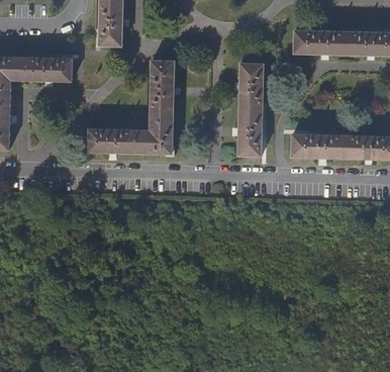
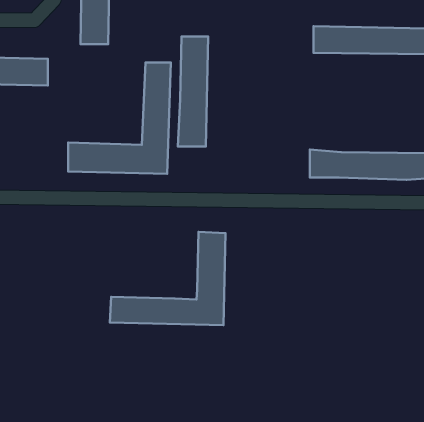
building: [237,63,263,155] -> [178,36,208,147]
building: none -> [110,232,225,325]

